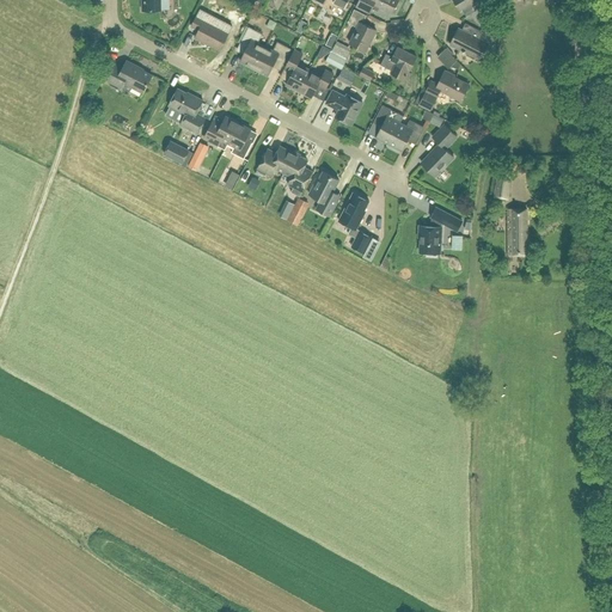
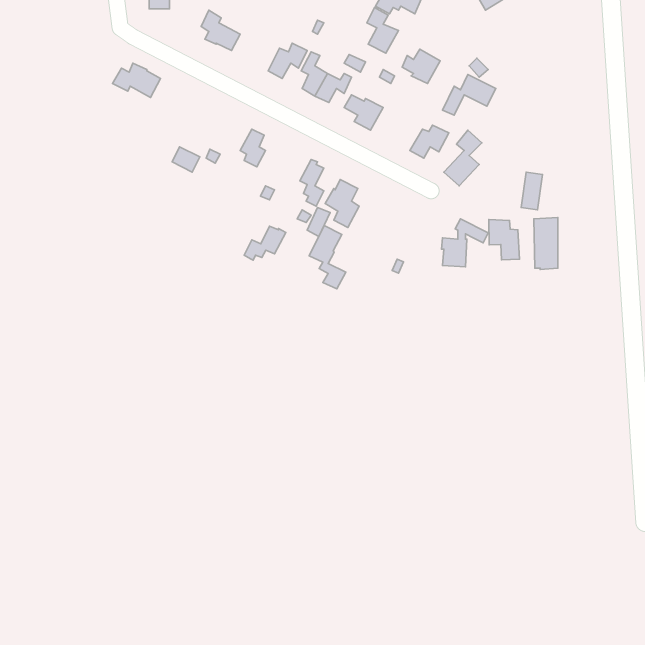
building: [239,25,264,67] -> none
building: [448,27,494,59] -> none
building: [169,87,206,133] -> none
building: [372,104,399,142] -> none
building: [202,115,238,148] -> none
building: [255,145,294,177] -> [244,226,286,260]
building: [337,191,372,251] -> [309,225,346,289]
building: none -> [489,220,520,260]

